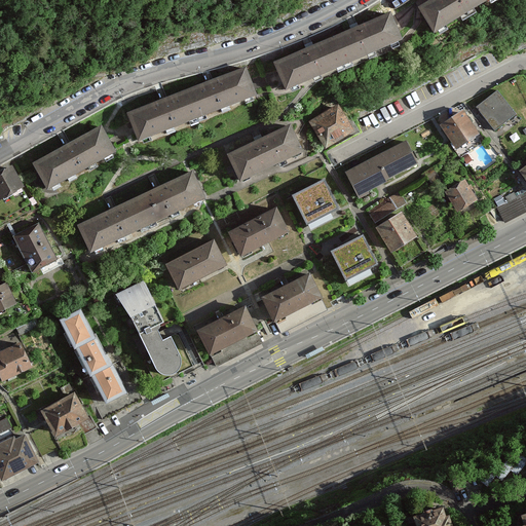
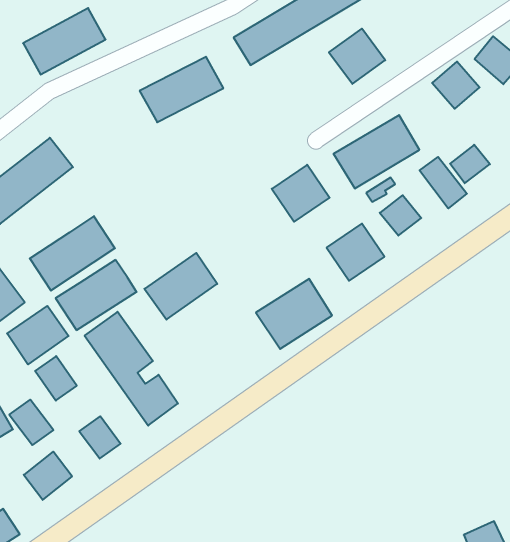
building: [126,93,197,145] -> [23,8,106,75]
building: [307,105,354,151] -> [329,29,385,84]
building: [226,124,299,176] -> none
building: [133,170,202,225] -> [56,260,137,330]
building: none -> [420,157,467,208]
building: [227,205,292,262] -> none
building: none -> [7,306,69,364]
building: [194,304,261,365] -> none
building: [79,338,115,377] -> [9,400,53,445]

